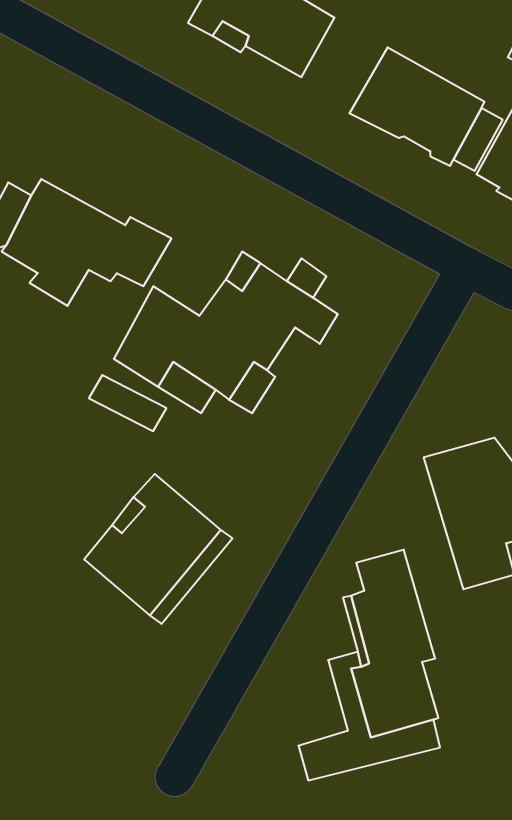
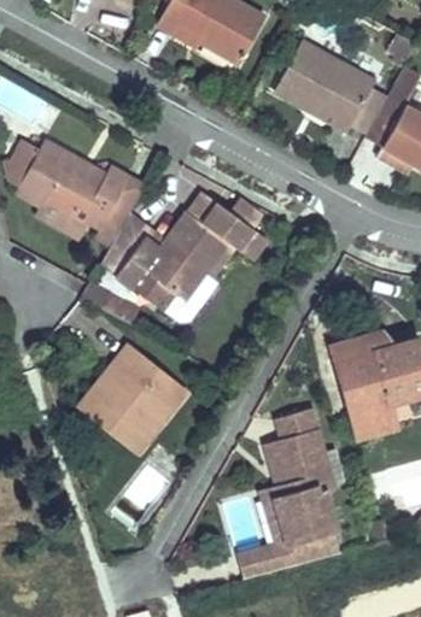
building: none -> [68,204,123,245]

